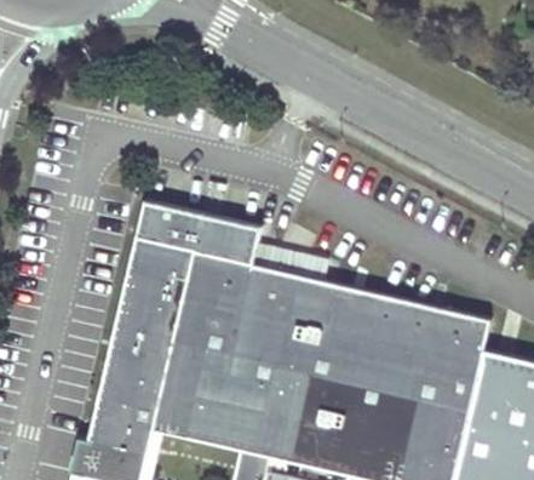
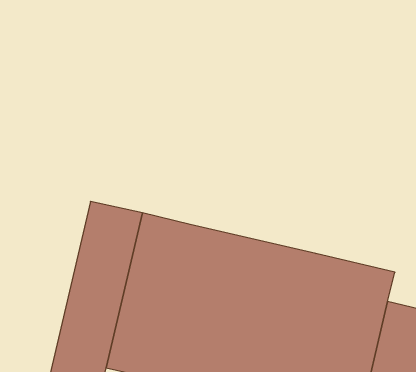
building: [137,199,263,264] -> none

